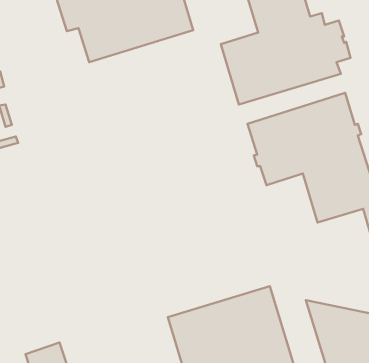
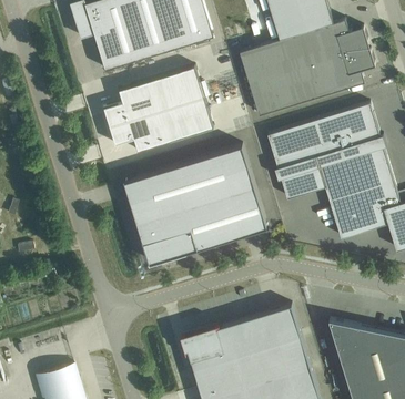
building: none -> [103,66,213,153]
building: none -> [123,146,269,264]

